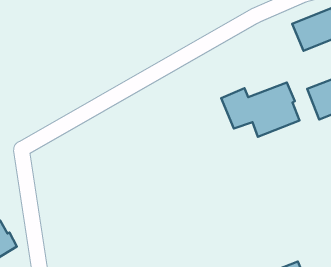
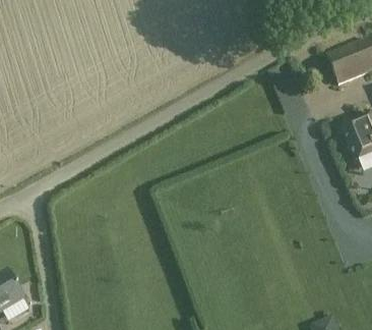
building: [221,83,300,137] -> none

